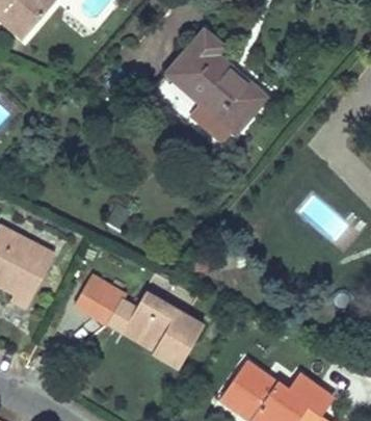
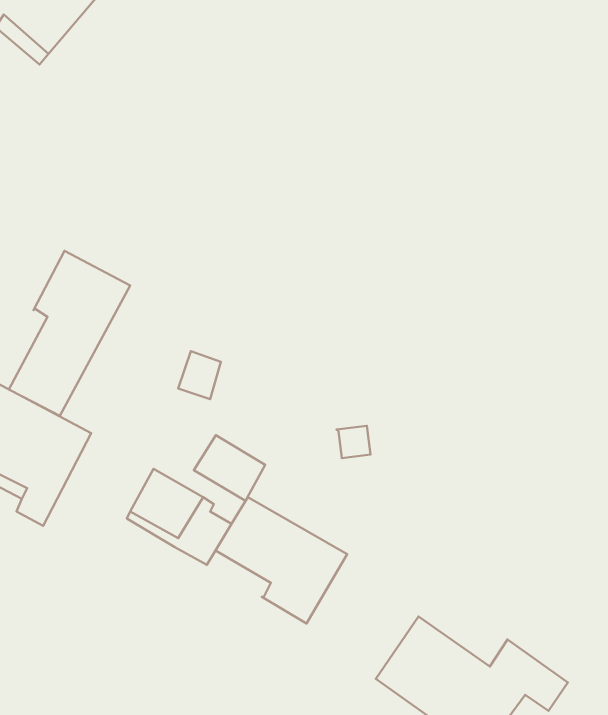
building: [151,30,265,147] -> none
building: none -> [9,251,130,416]
building: none -> [194,435,265,501]

